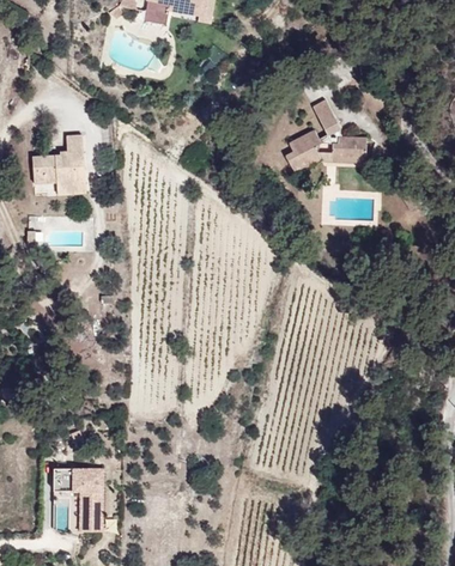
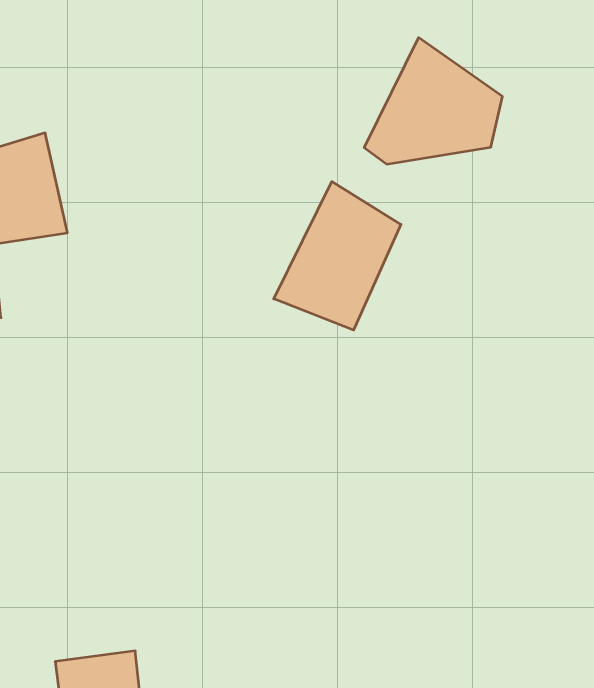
building: none -> [274,182,401,330]

